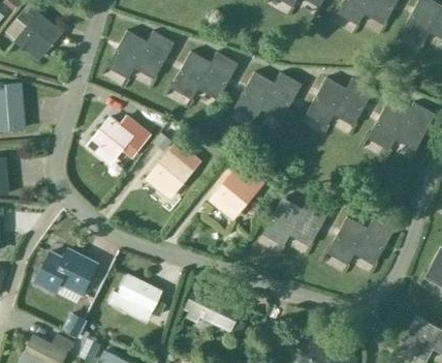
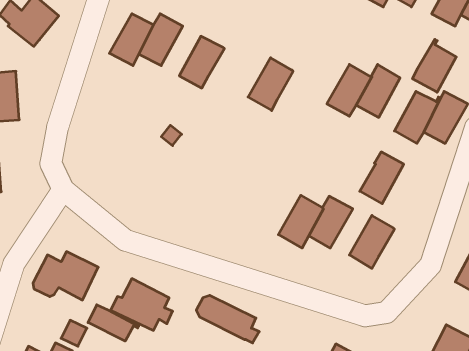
building: [197,52,238,99] -> none
building: none -> [413,39,456,92]
building: [260,72,302,120] -> none
building: [91,115,152,159] -> none
building: [151,142,199,192] -> none
building: [214,163,263,213] -> none
building: [353,217,393,265] -> [360,152,404,204]
building: none -> [88,305,139,341]

